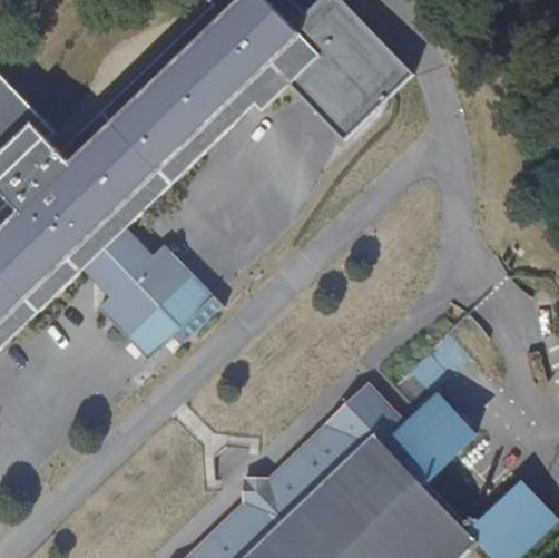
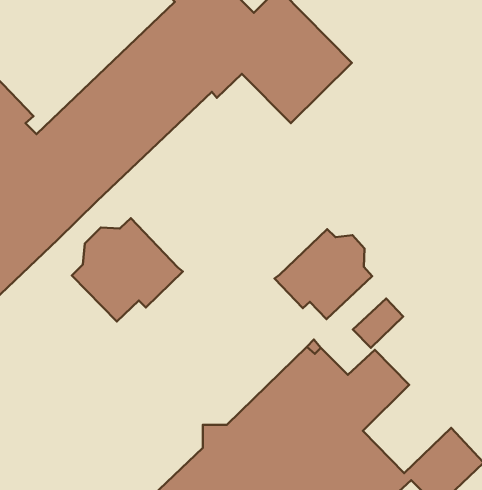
building: [82,227,153,297] -> none
building: none -> [275,229,372,319]

